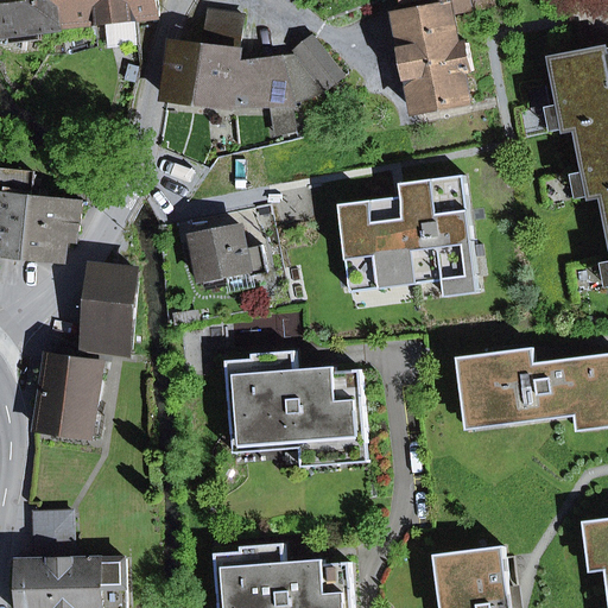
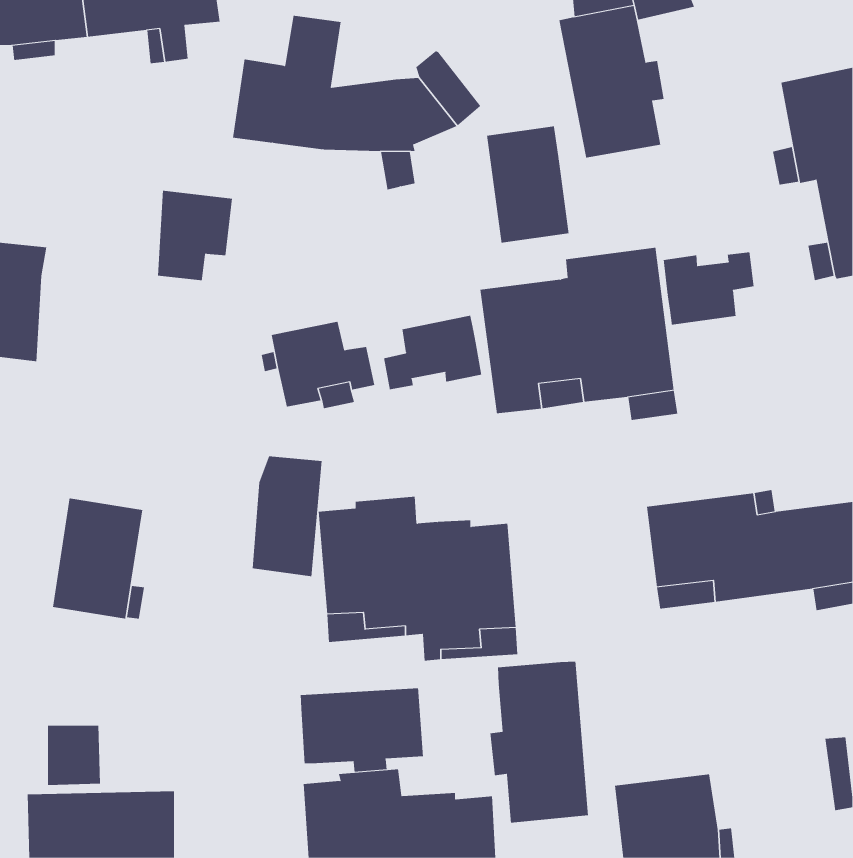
building: none -> [486,126,569,243]
building: none -> [663,251,754,325]
building: [26,195,80,259] -> [157,190,233,281]
building: none -> [384,315,482,390]
building: [86,268,135,354] -> [252,456,322,577]
building: none -> [490,661,589,824]
building: none -> [300,688,424,772]

